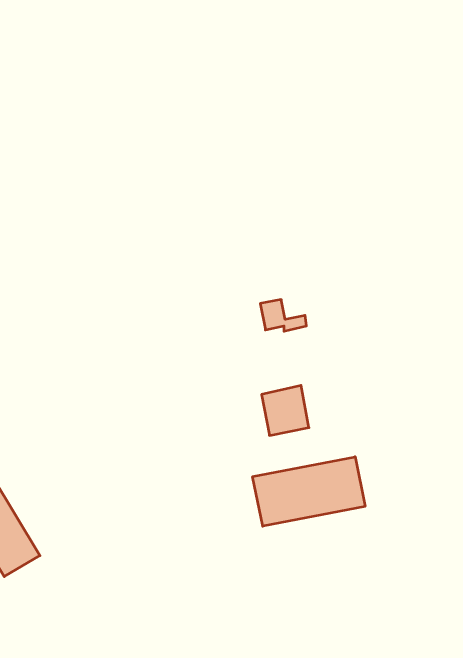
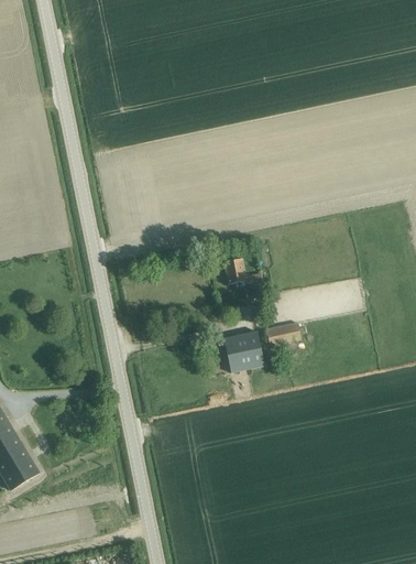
building: none -> [266,322,302,346]
building: [253,457,365,526] -> none

